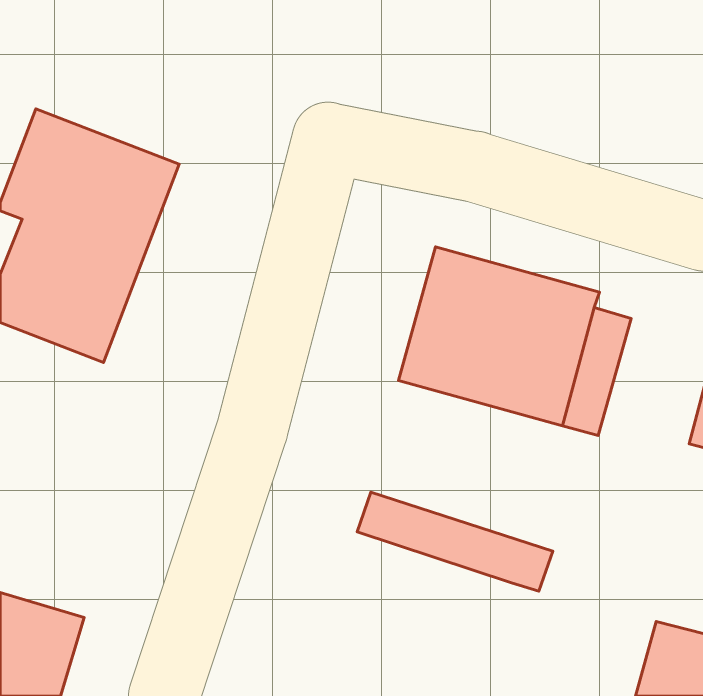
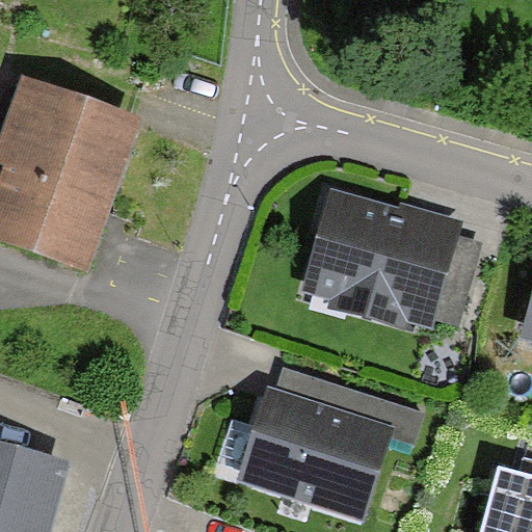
building: none -> [245,401,387,513]

